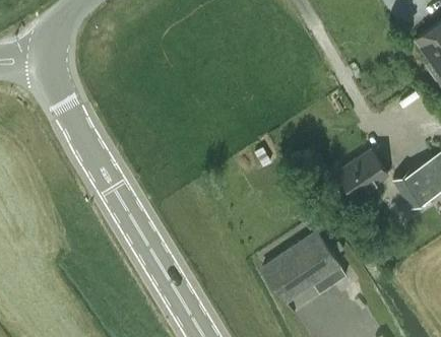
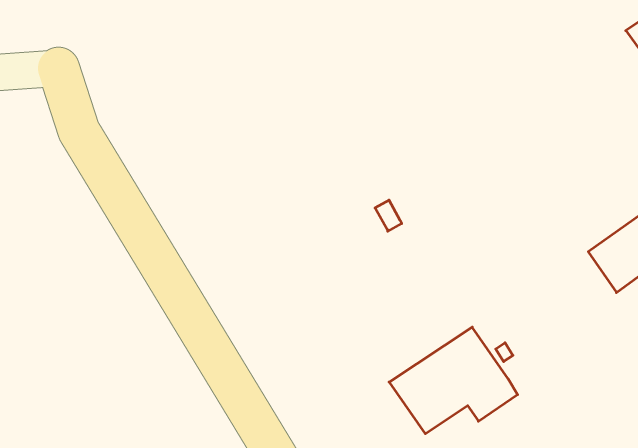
building: [336,151,387,200] -> none

